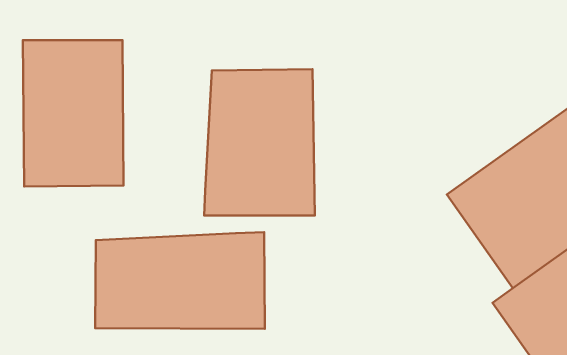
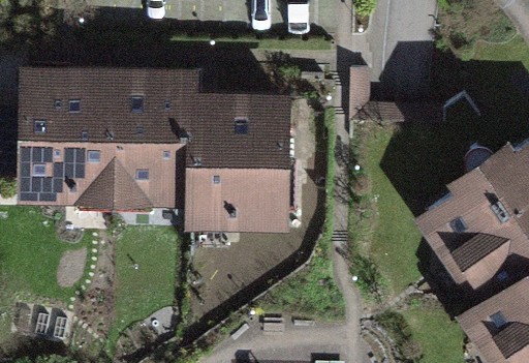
building: none -> [114,69,197,210]
building: [95,232,265,329] -> none

